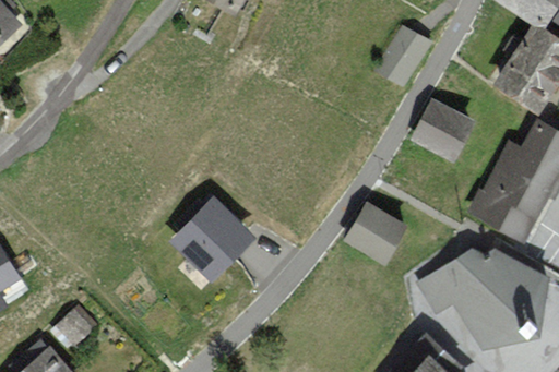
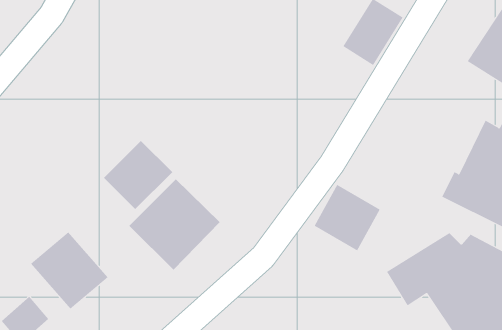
building: [411,98,476,161] -> none
building: none -> [103,140,173,210]
building: none -> [30,231,109,309]

